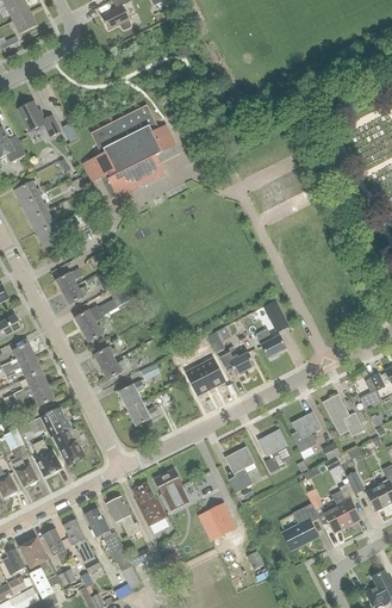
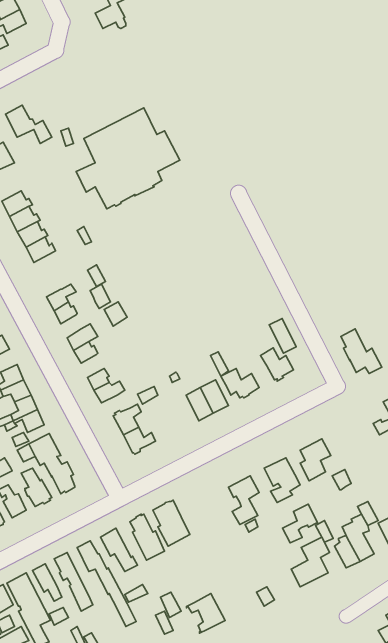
building: [325,393,363,435] -> [341,329,382,374]
building: none -> [283,504,317,543]
building: [200,502,236,539] -> [187,594,225,633]

